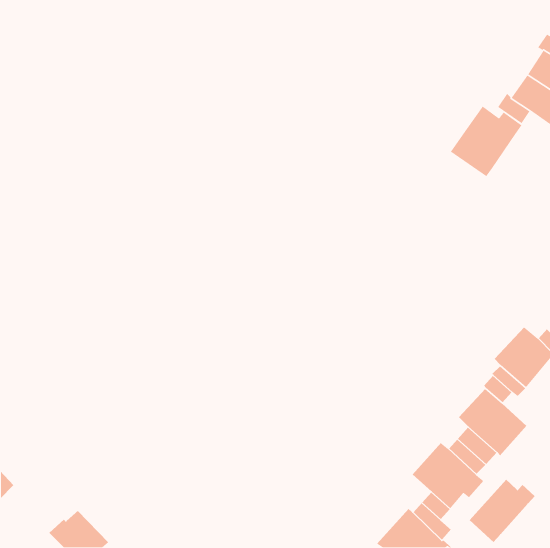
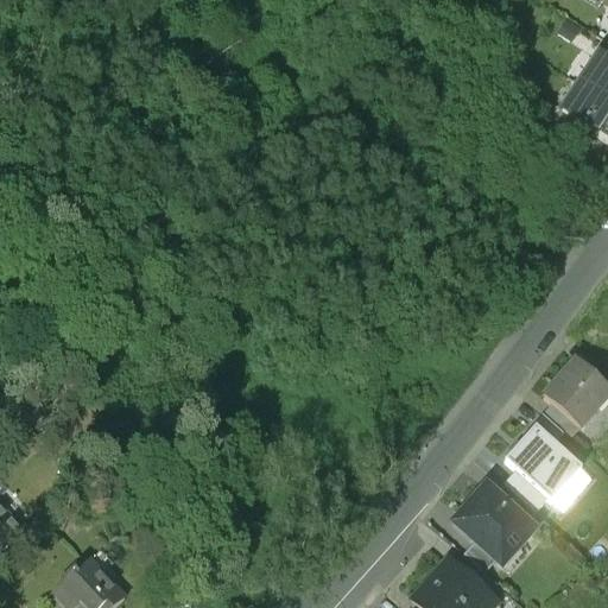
building: [450,105,523,177] -> none
building: [469,479,535,543] -> none

